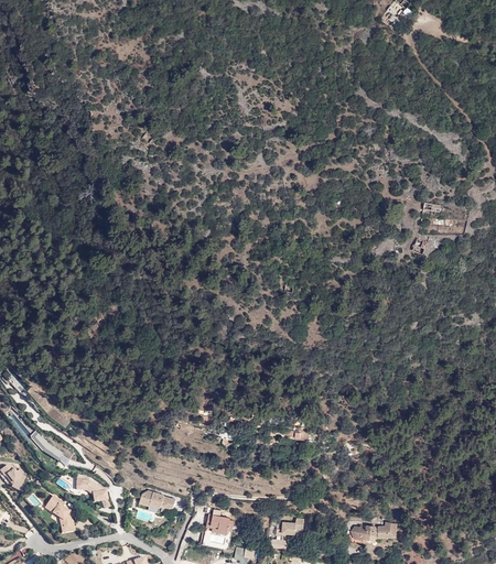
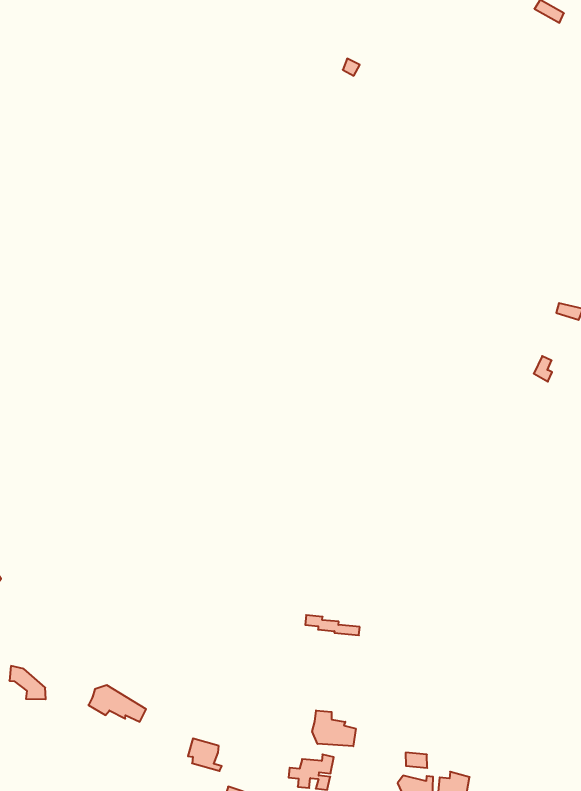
building: none -> [312,710,356,746]

